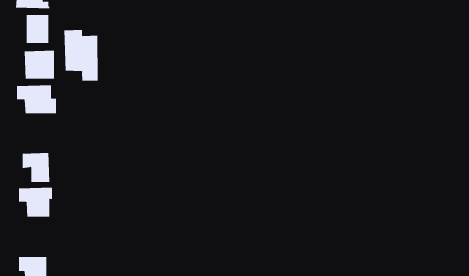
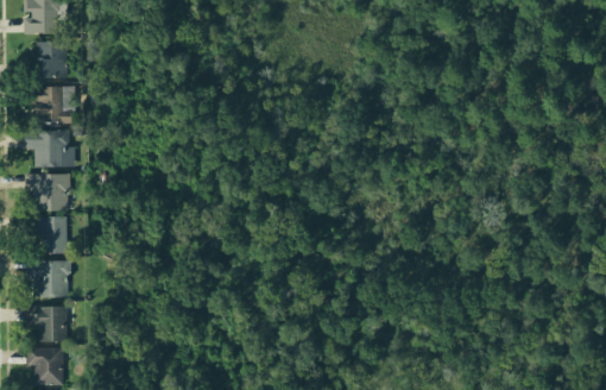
building: [64,29,98,82] -> none
building: none -> [26,174,70,210]
building: none -> [27,306,68,342]

